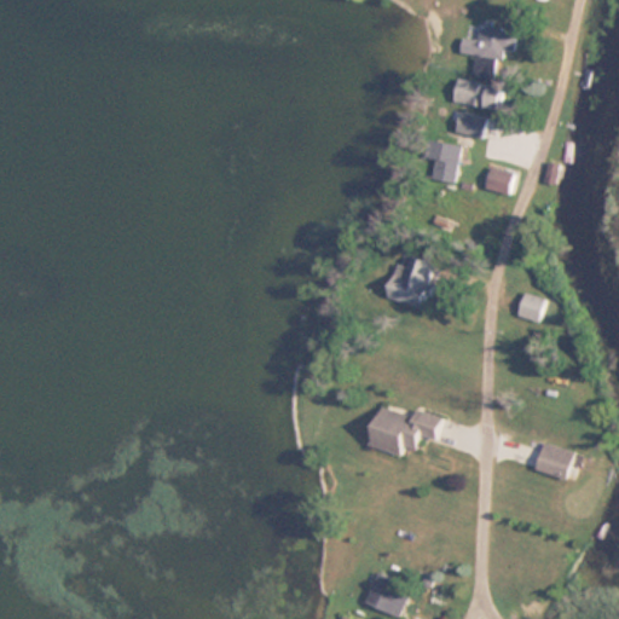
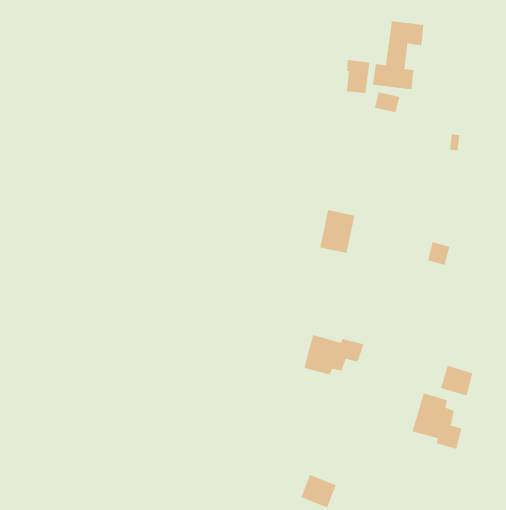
building: [429,141,458,183] -> [346,60,370,94]
building: [484,166,513,193] -> none
building: none -> [412,393,462,450]

